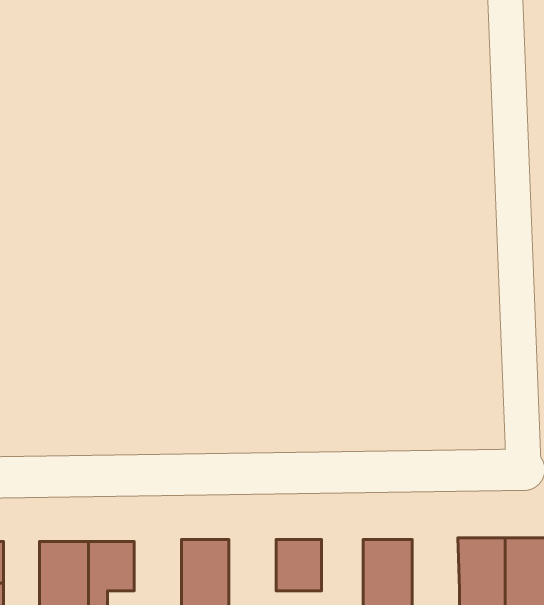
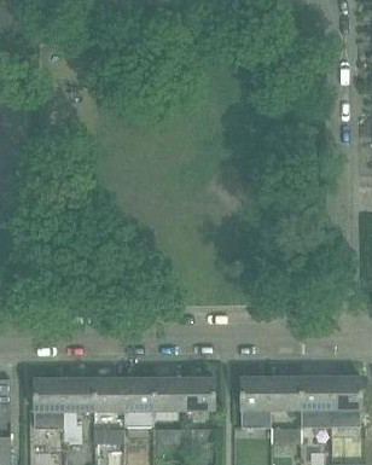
building: none -> [271,378,301,412]
building: none -> [93,379,123,412]
building: none -> [153,379,184,412]

